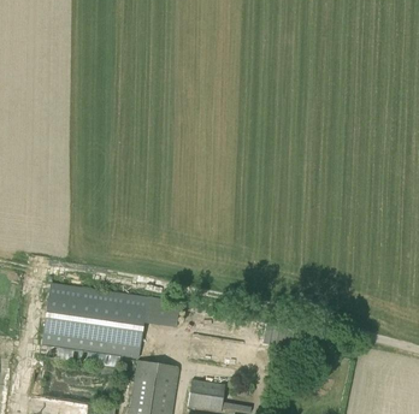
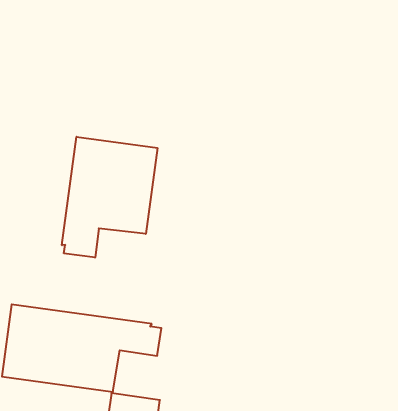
building: none -> [62,137,157,258]

